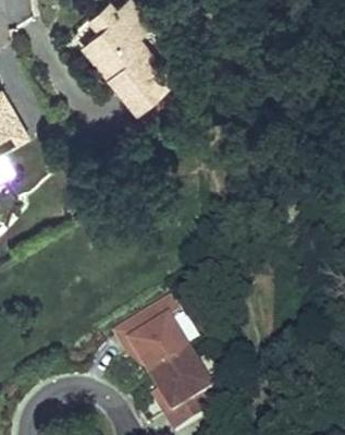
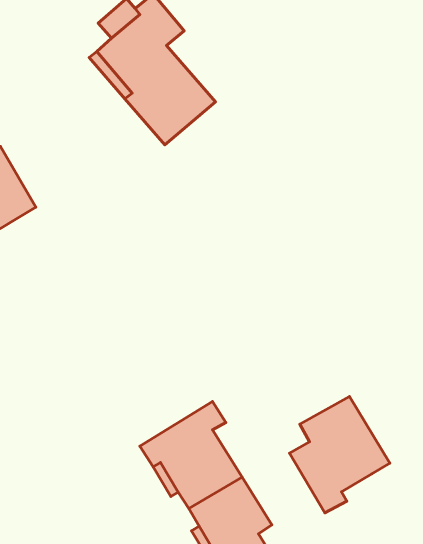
building: none -> [289,397,390,513]

